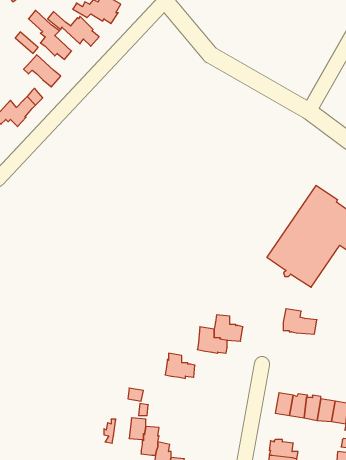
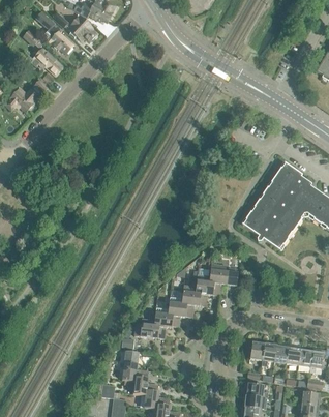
building: [283,309,317,334] -> [209,263,238,285]
building: none -> [168,296,193,317]
building: none -> [134,318,166,338]

